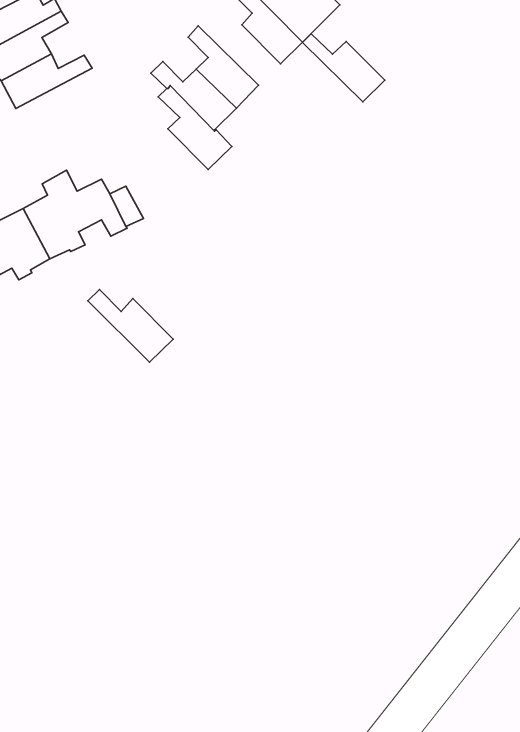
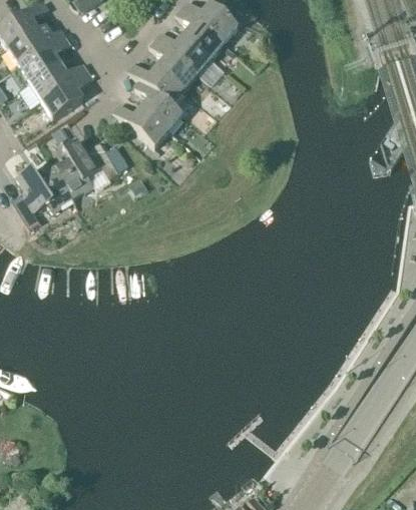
building: [303,34,385,102] -> [154,31,210,72]
building: none -> [41,70,92,118]
building: [88,290,173,362] -> [111,101,168,145]

